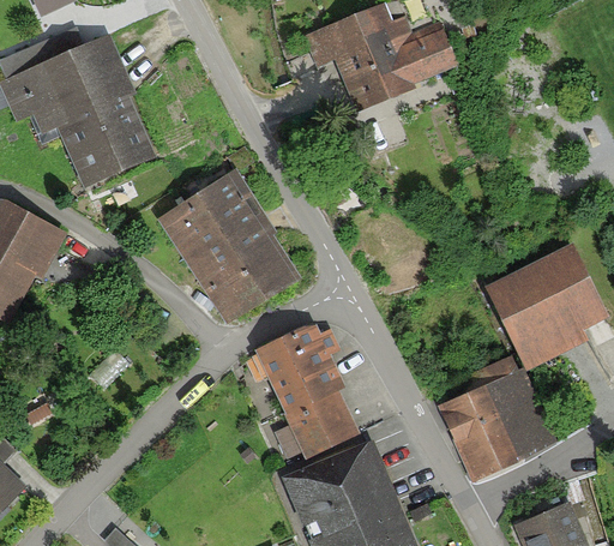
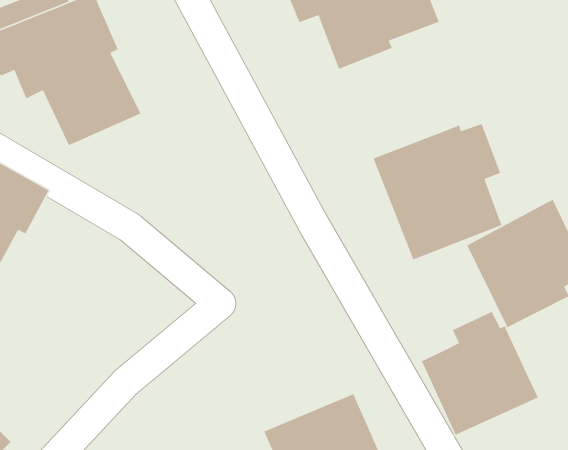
building: none -> [373,123,503,261]
building: [157,169,301,325] -> none
building: [255,324,360,462] -> none

